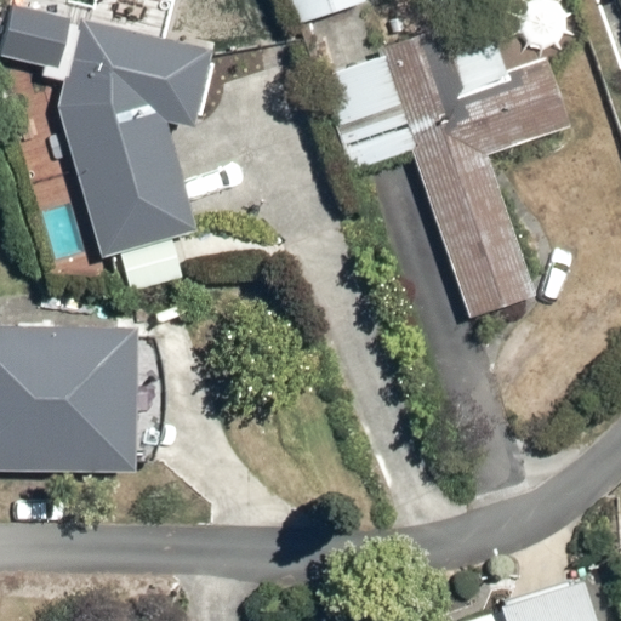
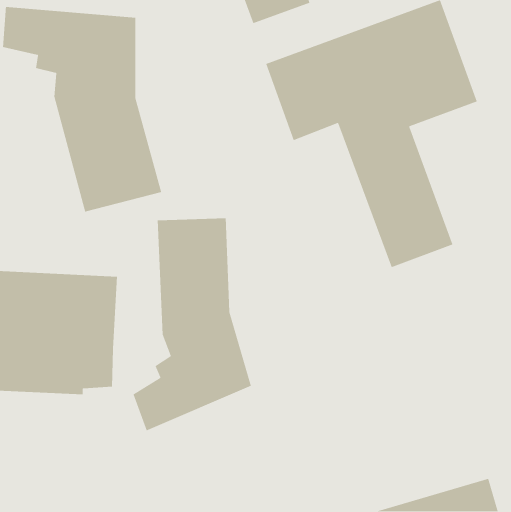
building: none -> [132,218,252,432]

